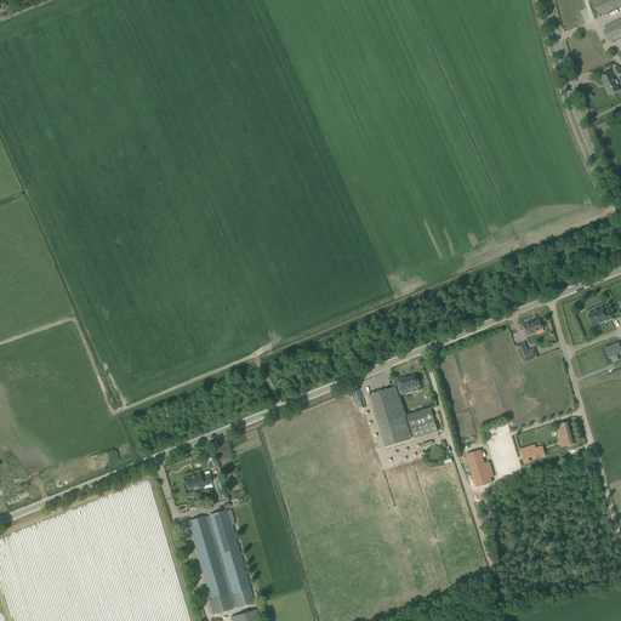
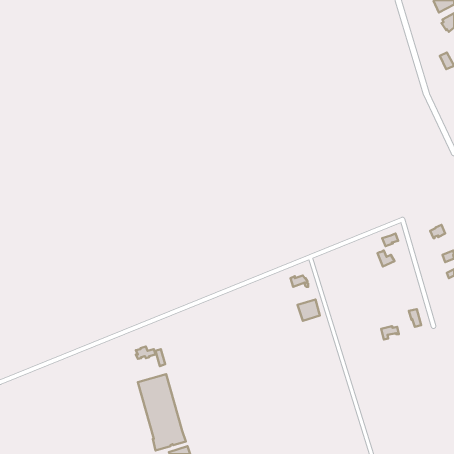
building: [369,387,410,446] -> none
building: [465,450,492,488] -> none

